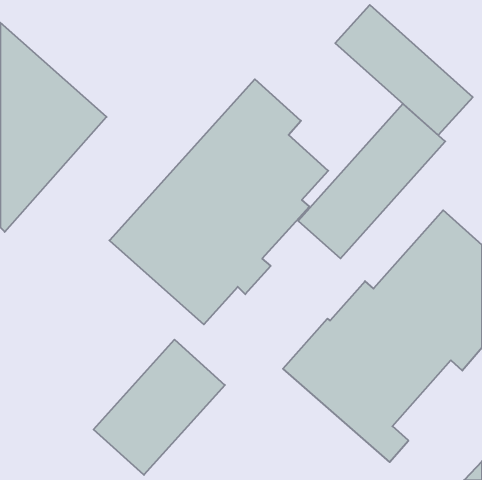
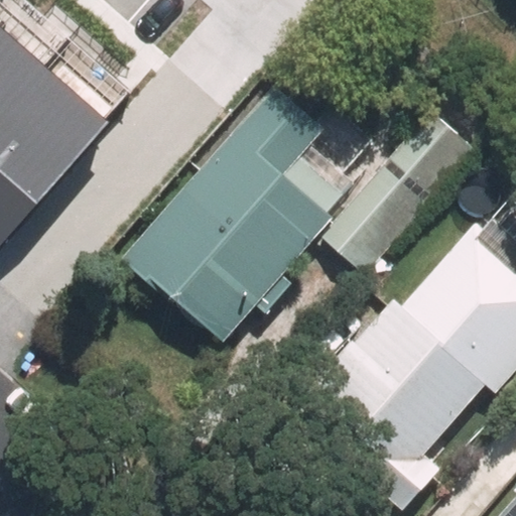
building: [335,5,473,135] -> none
building: [94,340,225,475] -> none

